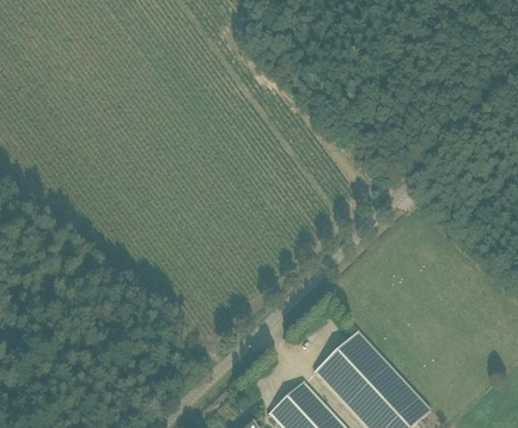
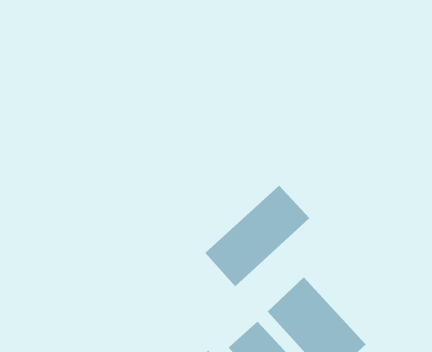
building: none -> [204,185,310,287]

